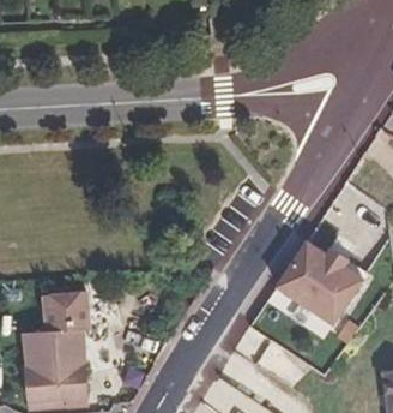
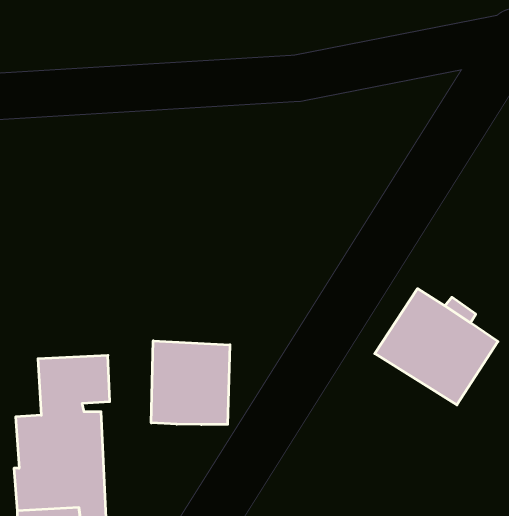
building: none -> [151,341,230,425]

